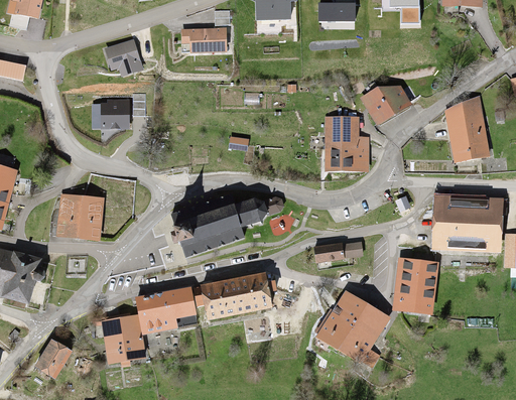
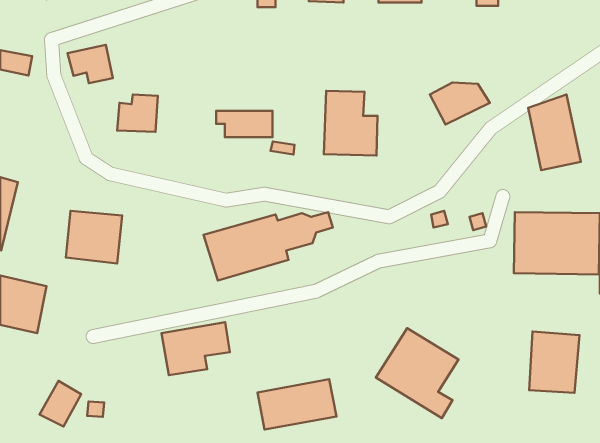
building: [179,27,227,49] -> [216,111,273,137]
building: [102,39,140,72] -> [67,45,113,83]
building: [324,117,369,171] -> [324,91,378,155]
building: [314,242,360,260] -> none
building: [395,259,437,310] -> [529,332,579,393]
building: [202,273,268,315] -> [257,379,336,430]
building: [102,315,142,361] -> none

